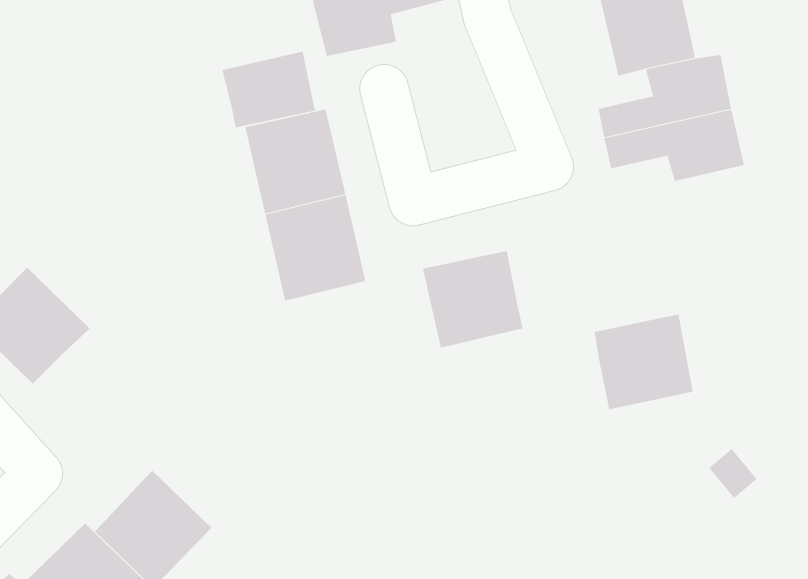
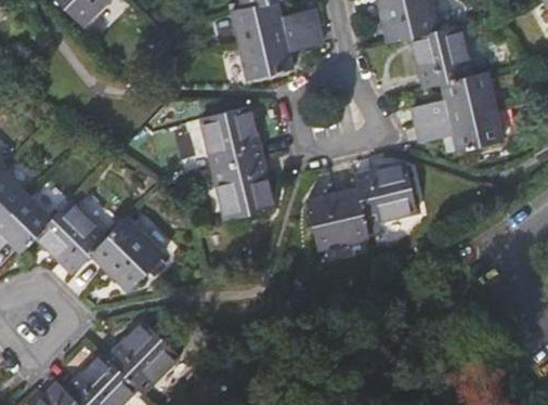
building: [222,51,315,128] -> none
building: none -> [92,219,164,290]
building: [594,314,694,410] -> [355,167,415,224]

